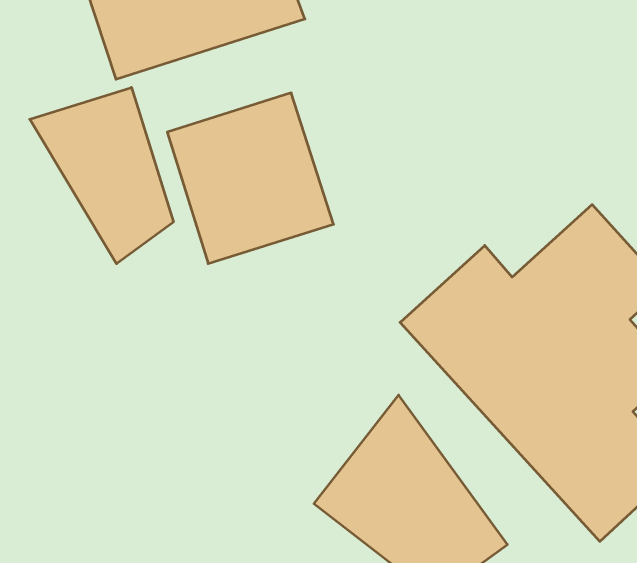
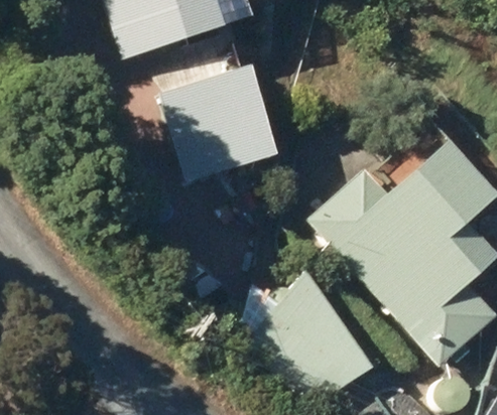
building: [30,87,173,264] -> none

